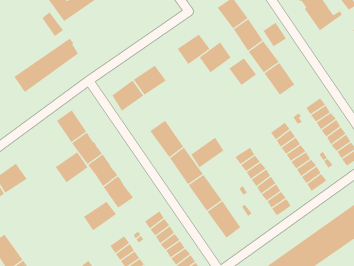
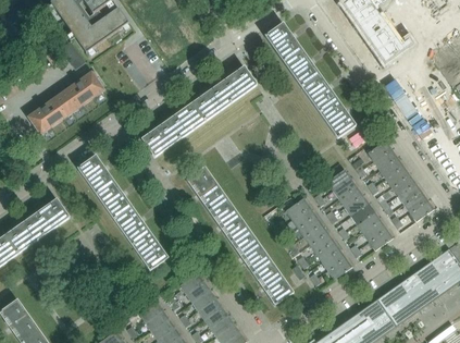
building: [263,22,287,47] -> none
building: [199,41,232,73] -> [192,84,231,121]
building: [228,57,257,86] -> none
building: [190,137,224,168] -> none
building: [55,151,89,183] -> [30,198,70,235]
building: [83,201,117,231] -> none

